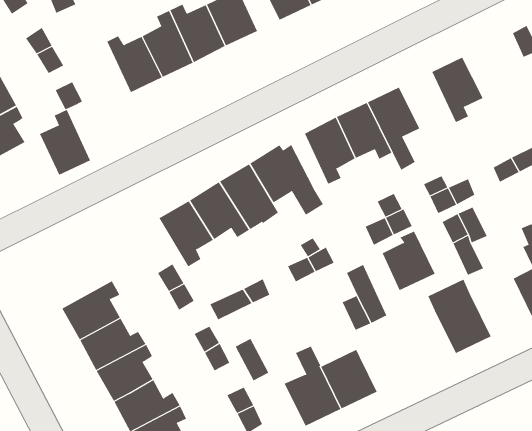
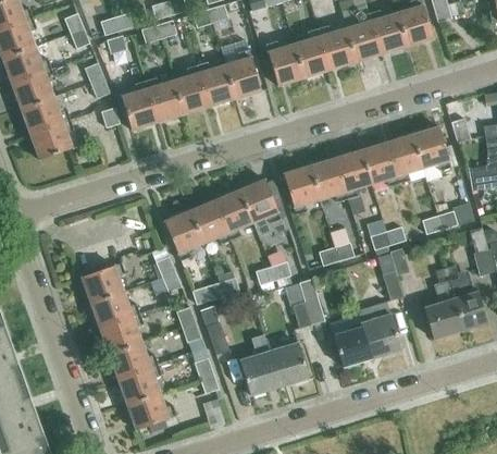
building: none -> [412,125,451,171]
building: none -> [361,142,399,186]
building: [39,109,91,175] -> [122,81,158,130]
building: [382,231,435,291] -> [334,322,372,366]

